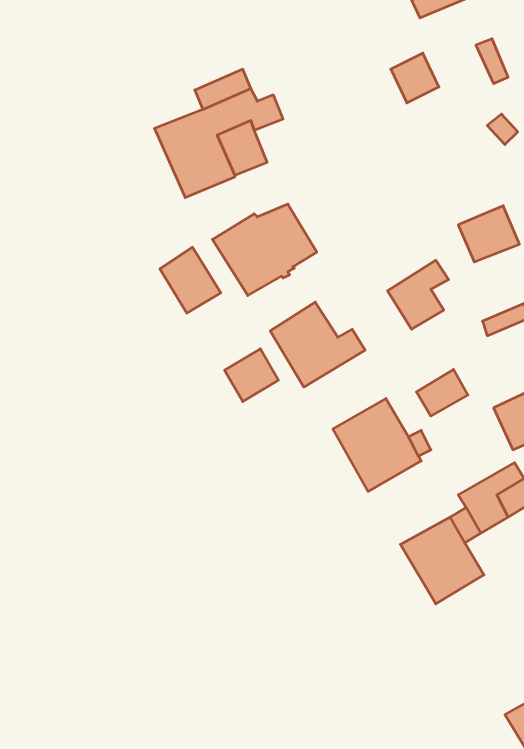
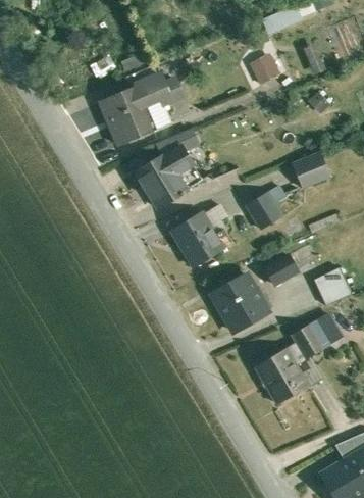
building: none -> [157,129,198,158]
building: [160,247,221,313] -> none
building: [225,349,278,402] -> none

